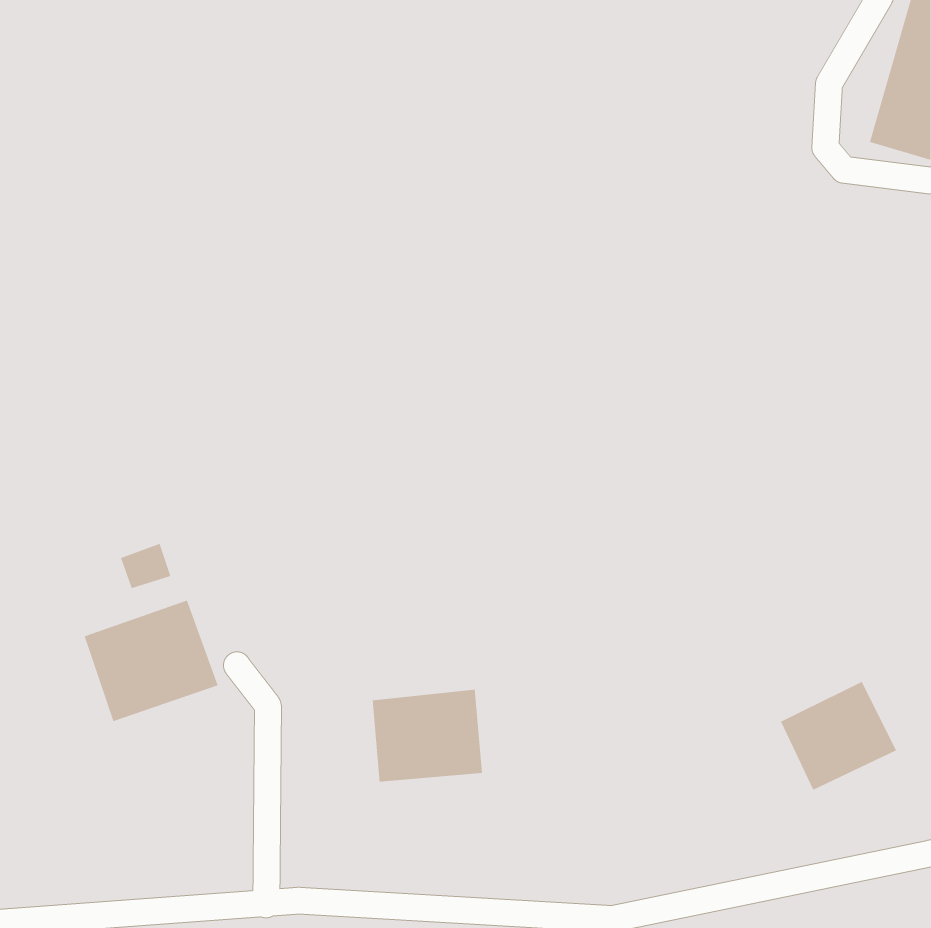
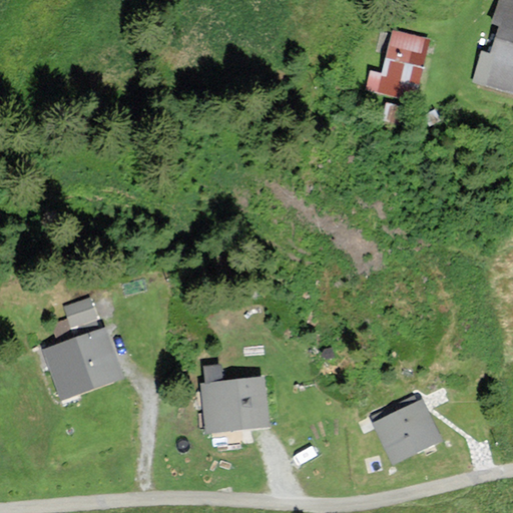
building: none -> [369,31,427,96]
building: [780,681,897,791] -> [376,402,440,462]

